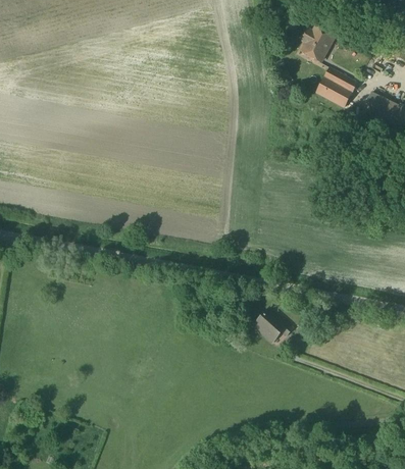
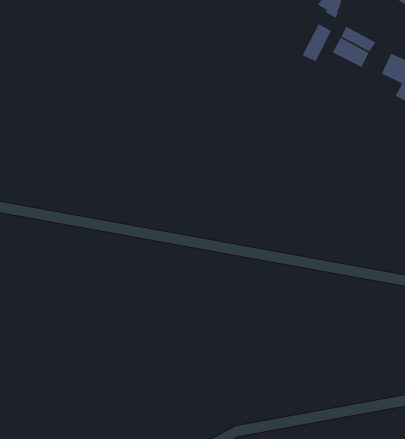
building: none -> [301,23,332,62]
building: [252,307,292,344] -> none

